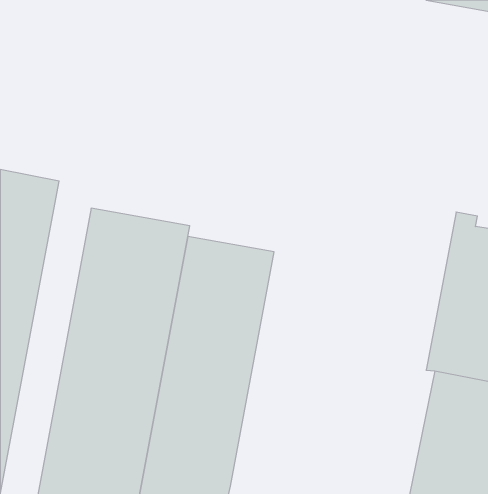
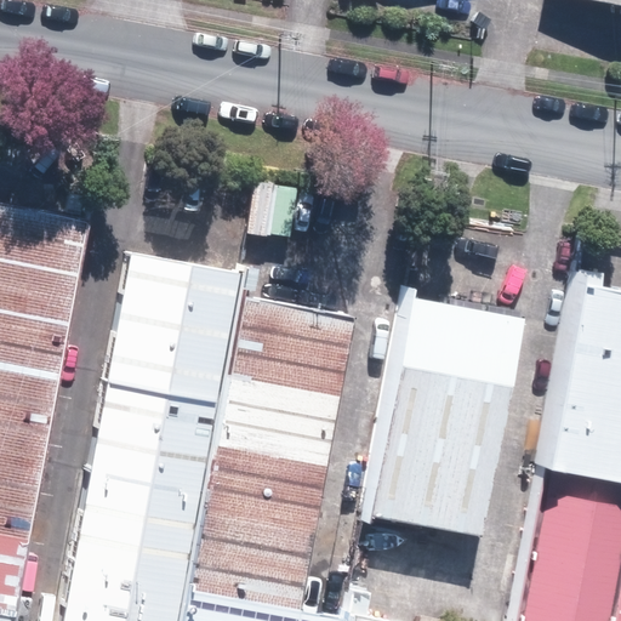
building: none -> [364,295,523,532]

